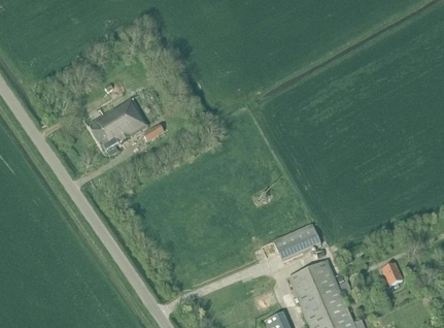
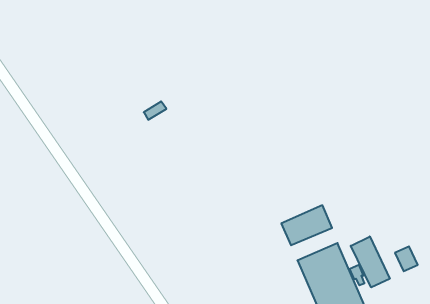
building: [86,98,147,156] -> none
building: none -> [351,236,390,287]

